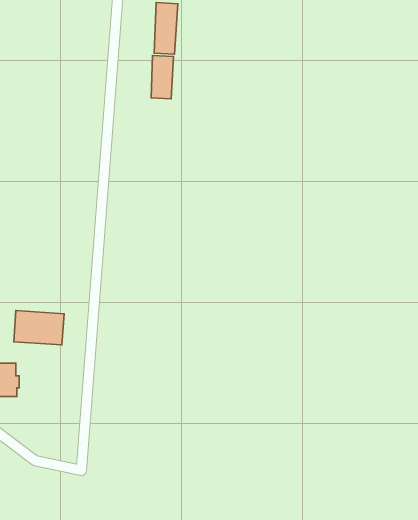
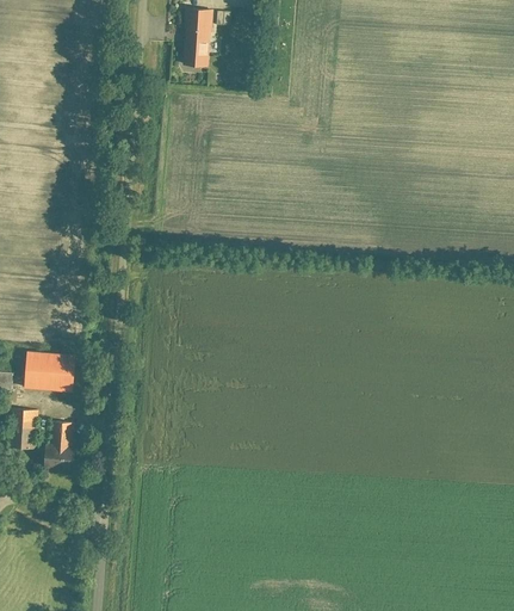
building: [151,55,174,99] -> none
building: none -> [42,420,73,469]

